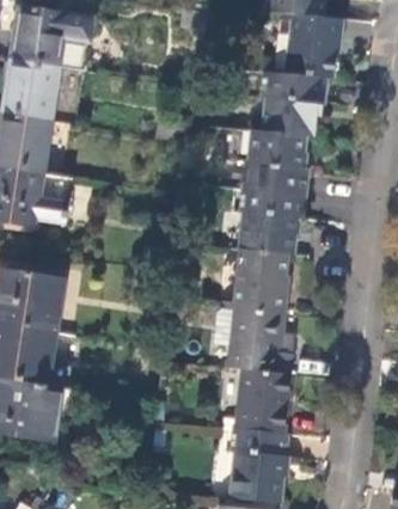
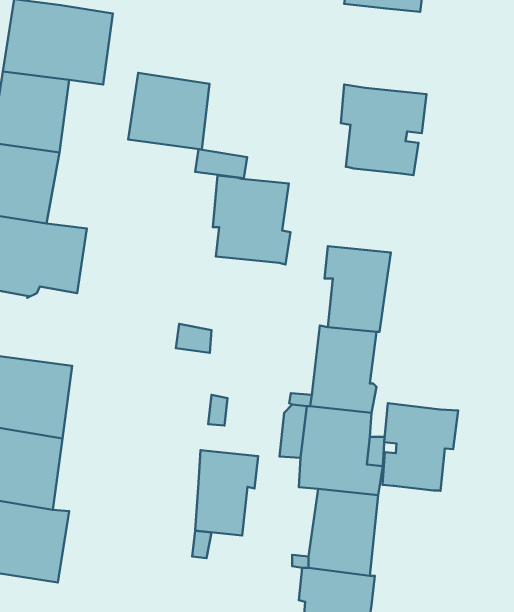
building: [280,14,343,78] -> none
building: none -> [128,73,210,150]
building: [250,130,307,196] -> [213,176,290,264]
building: none -> [383,403,458,491]
building: none -> [195,450,258,536]

